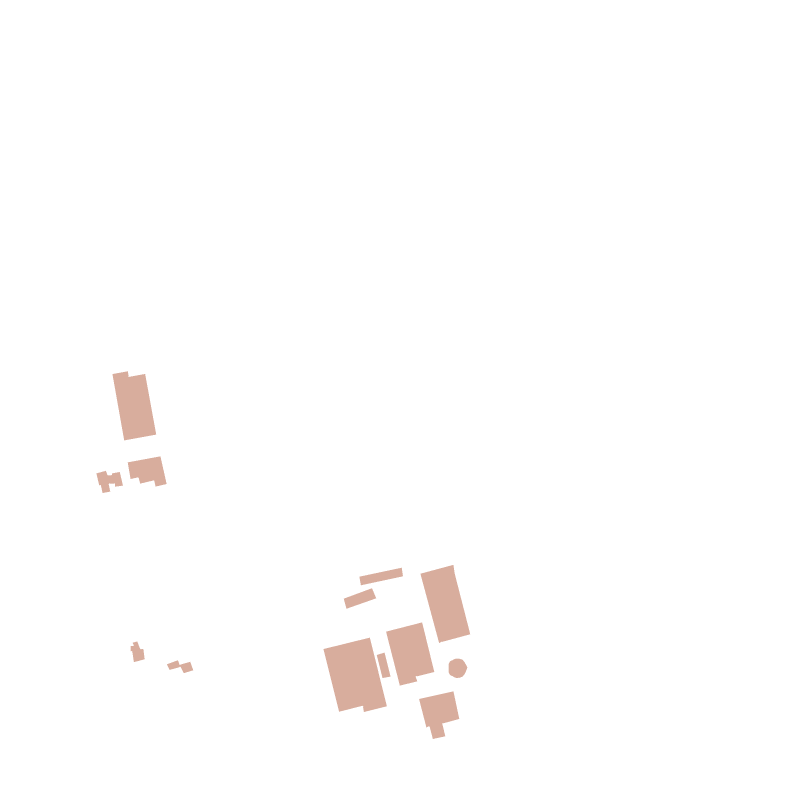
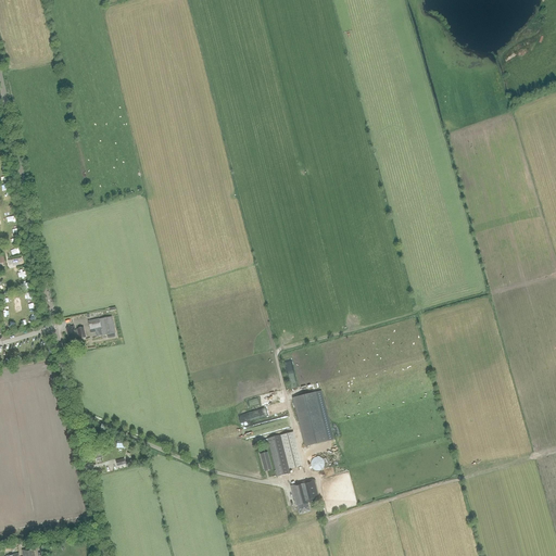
building: [112,370,157,441] -> none
building: [323,637,387,713] -> none

